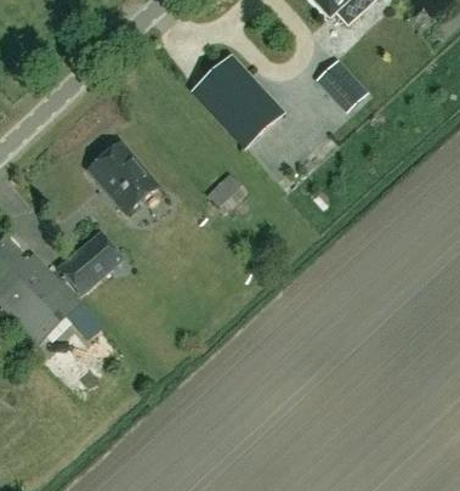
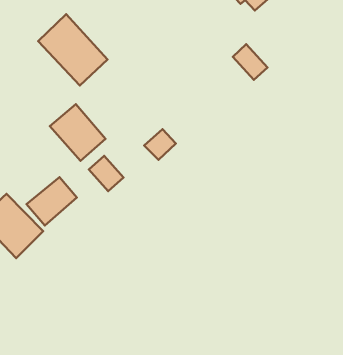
building: [193,56,280,146] -> [38,14,108,85]
building: none -> [89,156,124,191]

